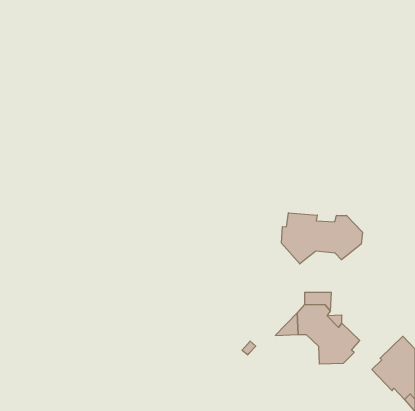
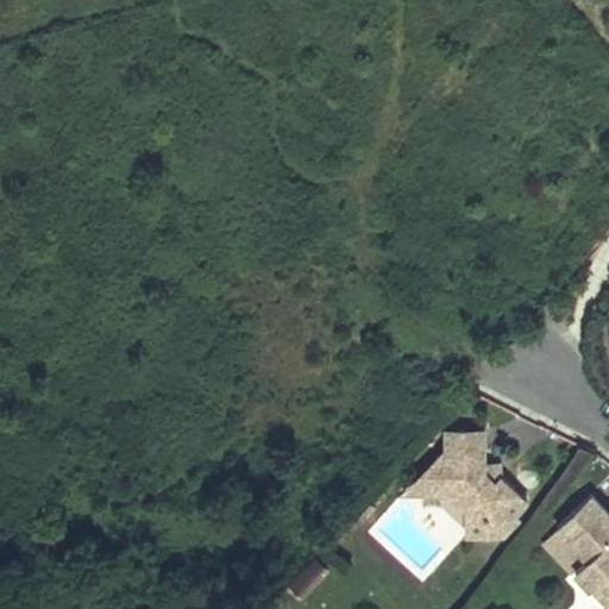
building: [281,213,362,264] -> none

